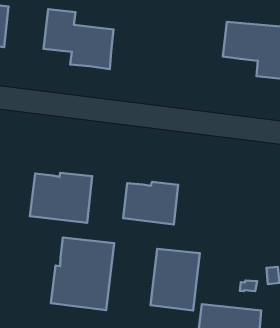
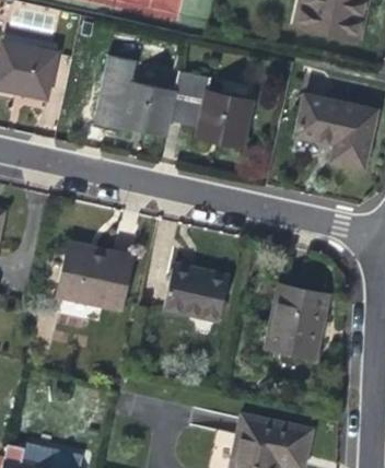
building: none -> [168,72,252,147]
building: [51,237,114,310] -> none
building: [150,249,200,310] -> [266,284,328,359]

